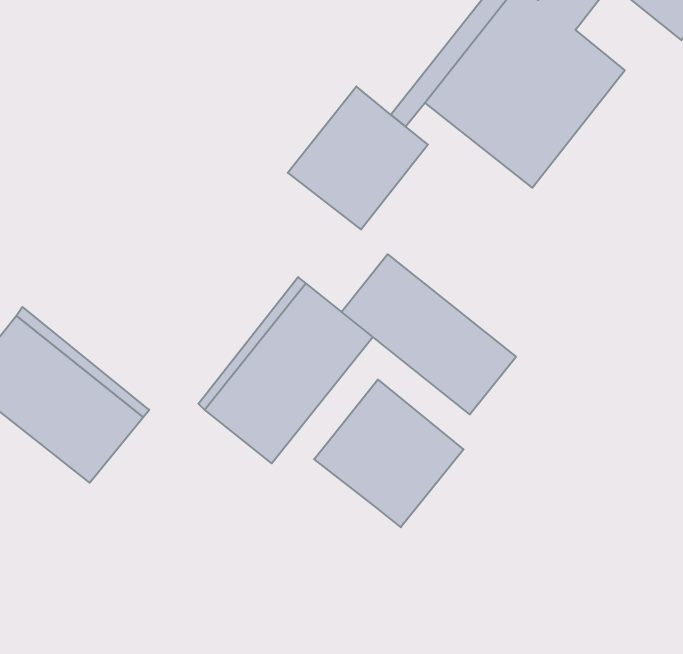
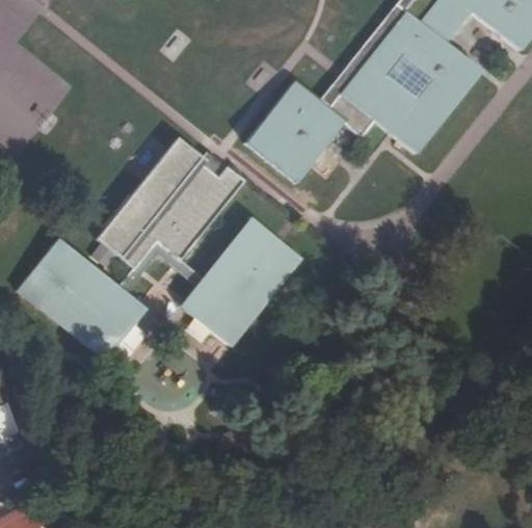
building: none -> [98,137,245,269]
building: [342,254,516,414] -> none
building: [314,380,464,527] -> none

